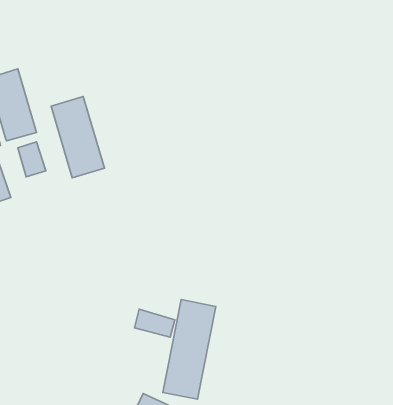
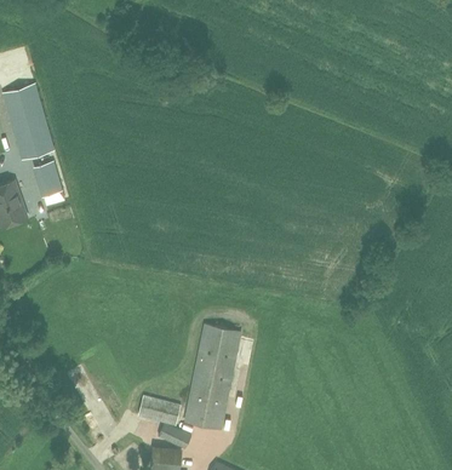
building: [51,97,104,178] -> none
building: [134,309,175,337] -> [137,395,179,424]

